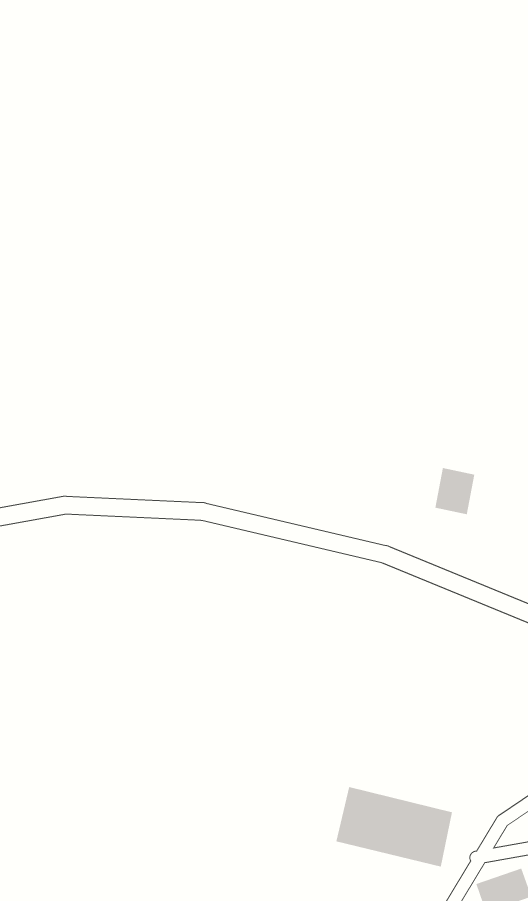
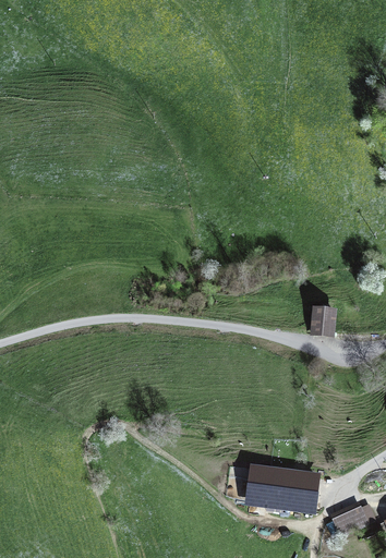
building: [434,467,475,515] -> [313,308,335,335]

